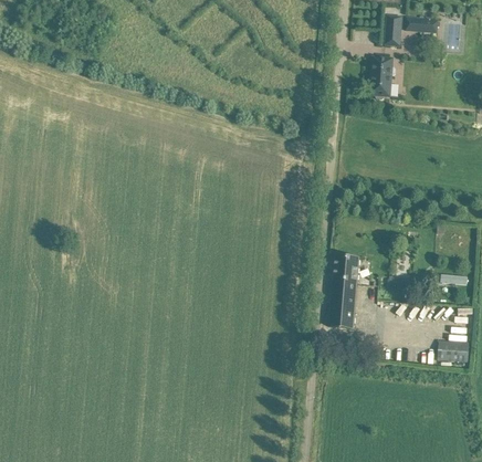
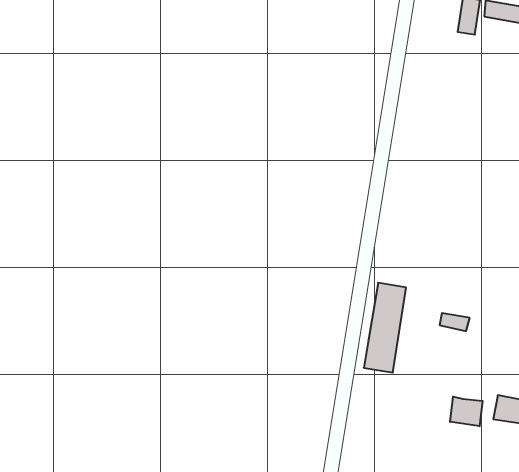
building: [373,56,398,99] -> none
building: none -> [450,397,483,426]

